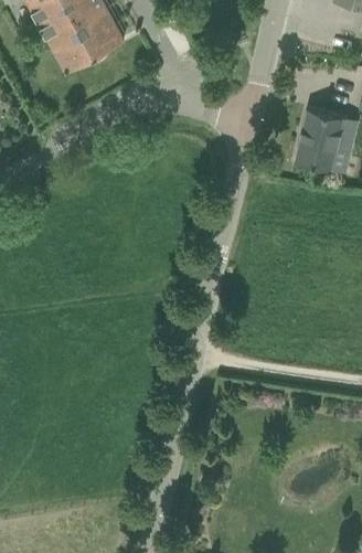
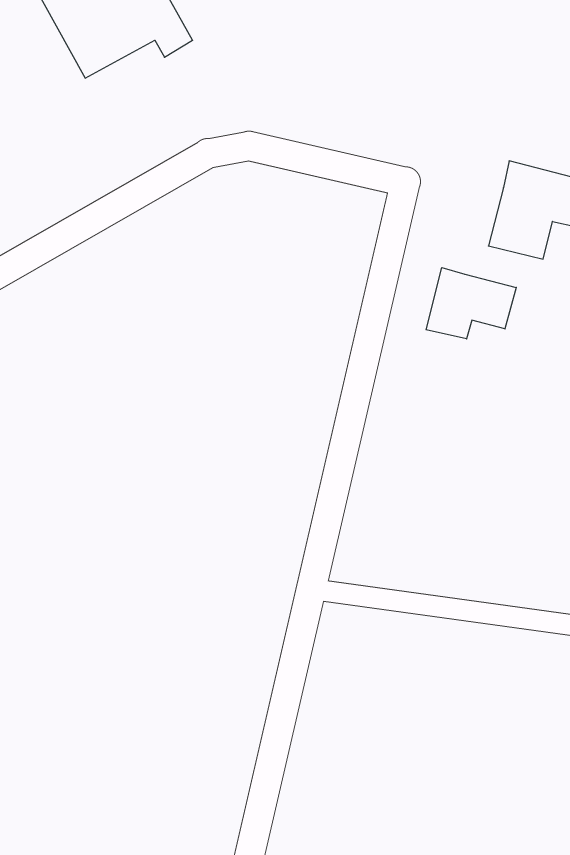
building: none -> [426,268,516,339]

